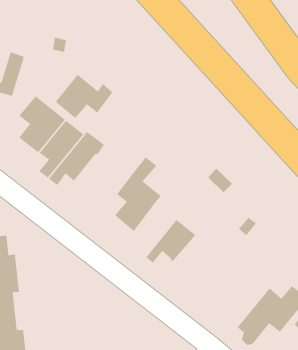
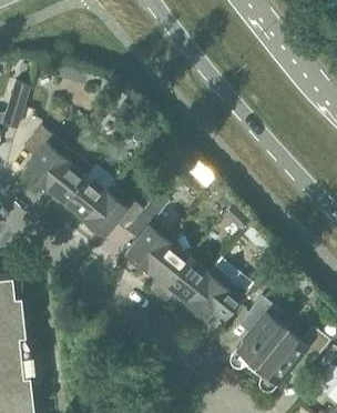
building: [56,74,113,119] -> [83,191,144,239]
building: none -> [146,242,191,300]
building: none -> [187,262,253,321]
building: none -> [231,298,289,374]

